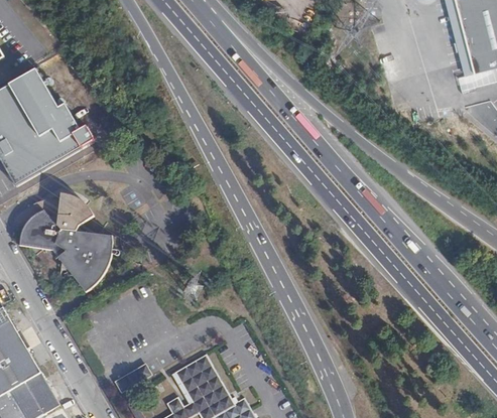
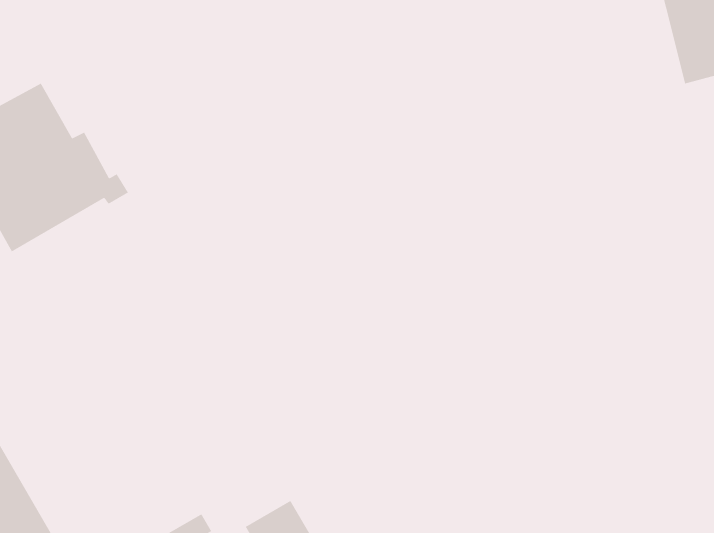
building: [19,194,113,293] -> none

